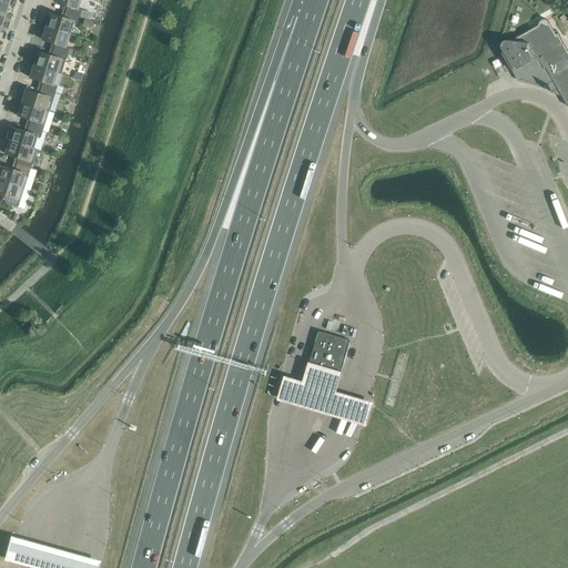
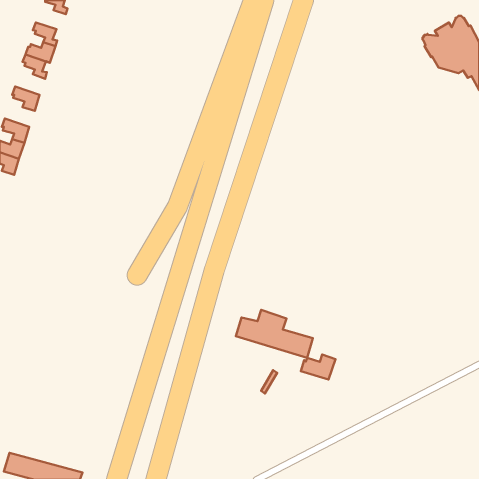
building: [42,13,78,36] -> none
building: [18,89,53,113] -> none
building: [6,128,41,151] -> none
building: [306,332,349,377] -> none
building: none -> [301,355,336,379]

